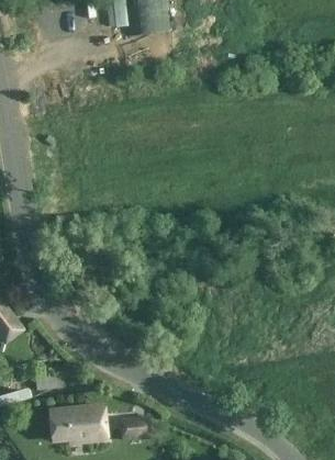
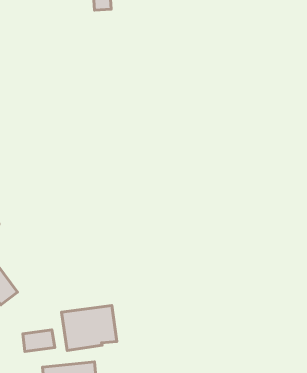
building: none -> [62,305,117,351]

